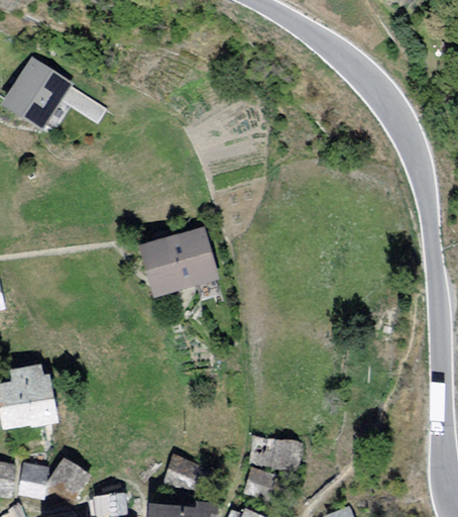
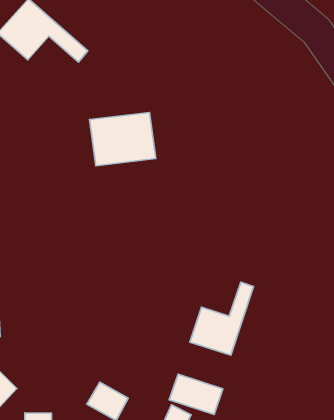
building: [142,228,218,293] -> [90,112,156,166]
building: none -> [190,282,253,355]

